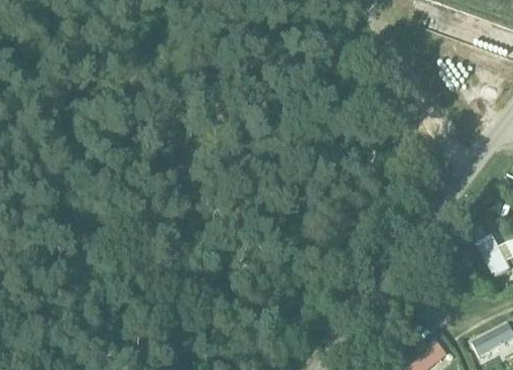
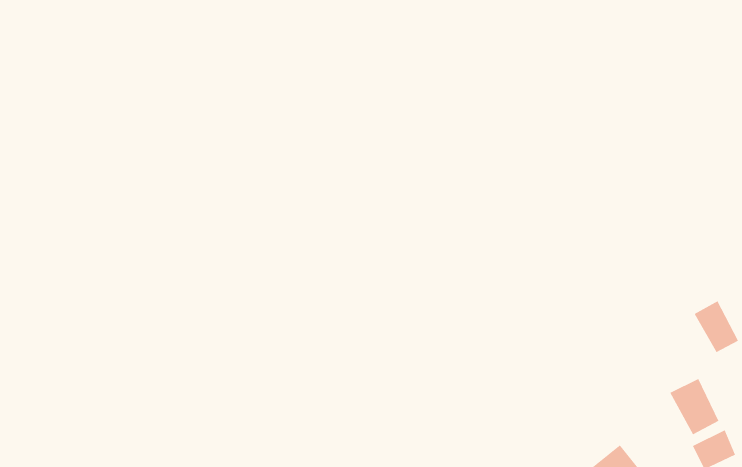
building: none -> [670,378,719,435]

